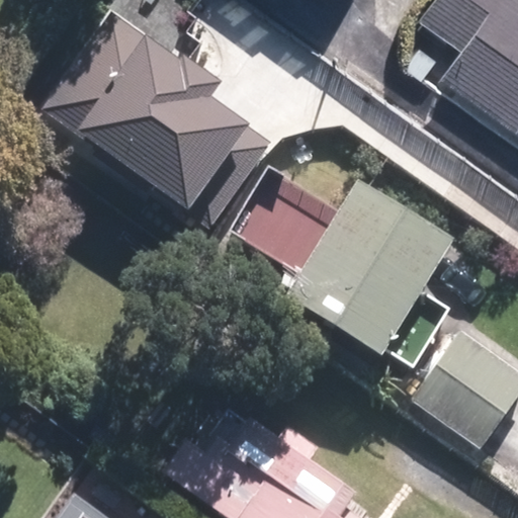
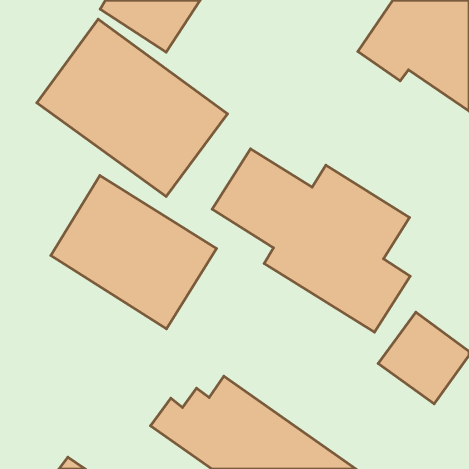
building: none -> [51,176,216,329]

